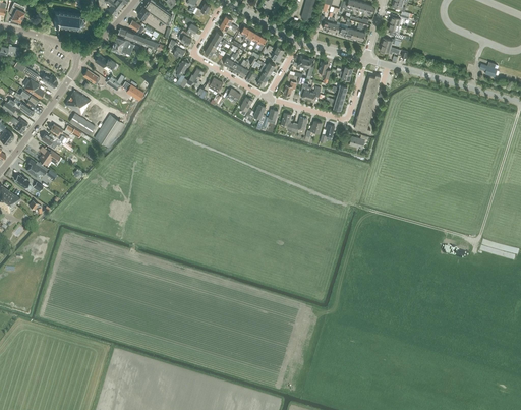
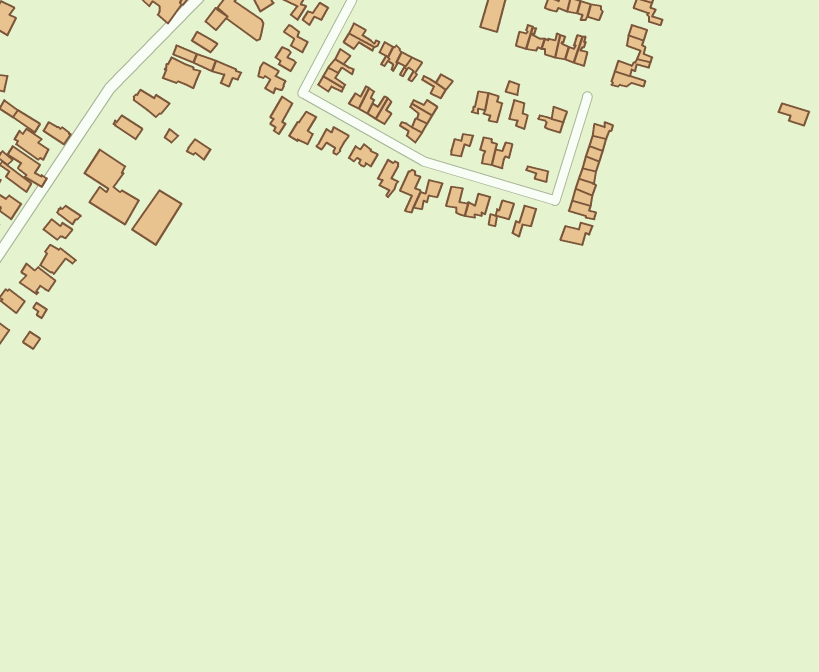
building: [53,13,84,31] -> none

